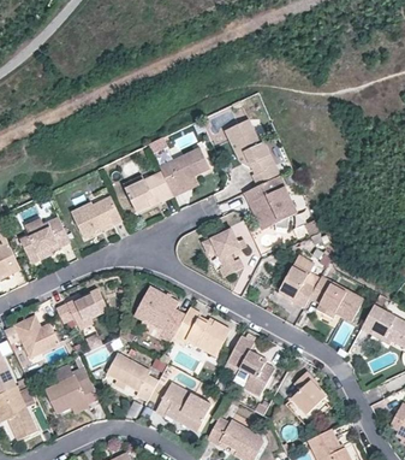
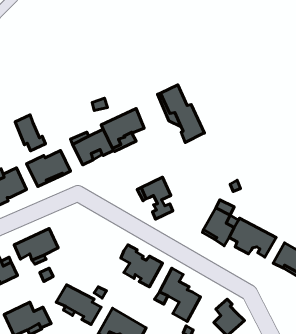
building: none -> [15,115,46,151]
building: [244,176,291,229] -> none
building: [133,285,185,344] -> none

